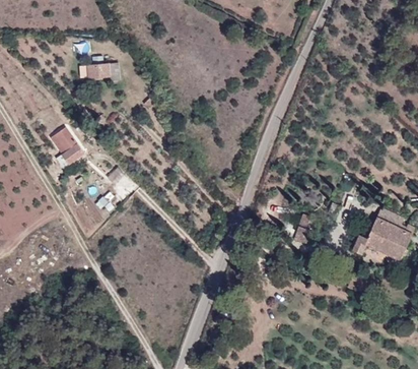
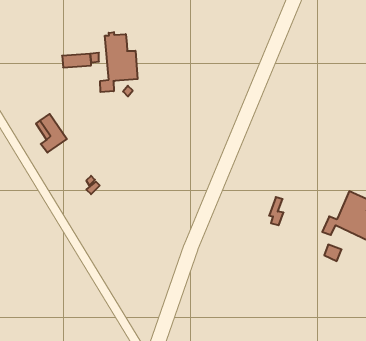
building: none -> [100,32,138,92]

